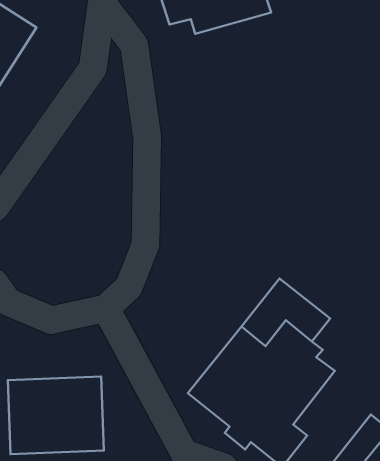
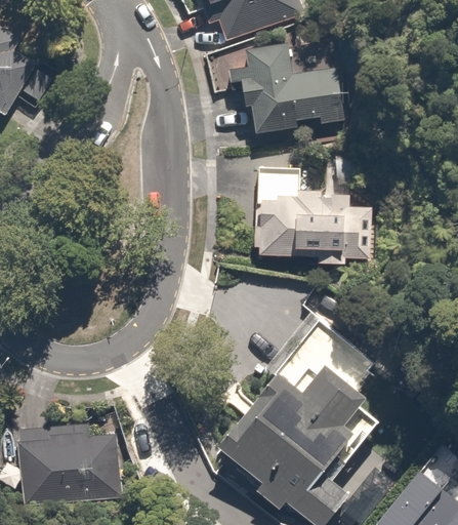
building: none -> [237,38,348,138]
building: none -> [251,163,399,269]

